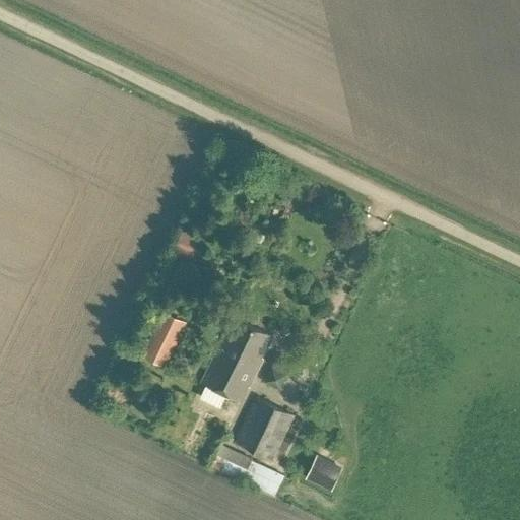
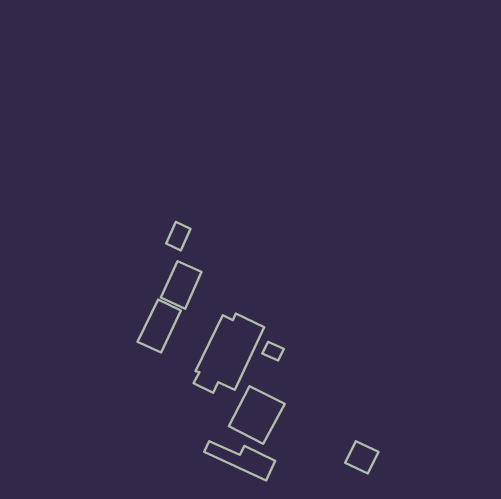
building: none -> [161,261,201,309]
building: [310,453,344,486] -> [345,441,379,474]

